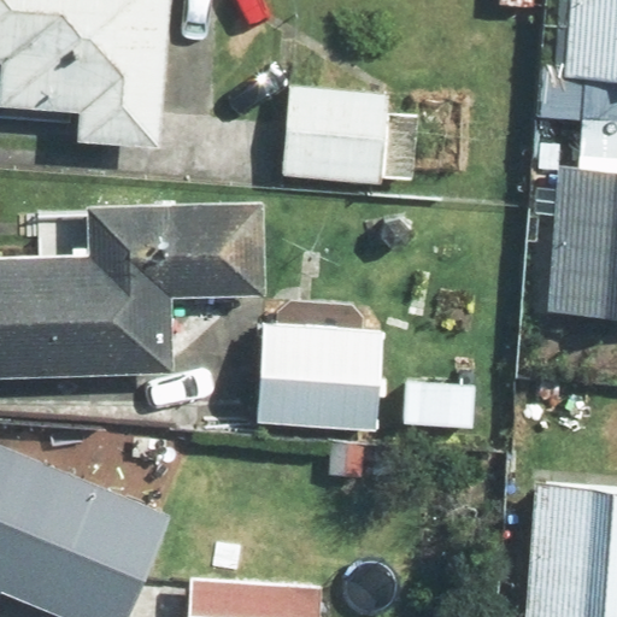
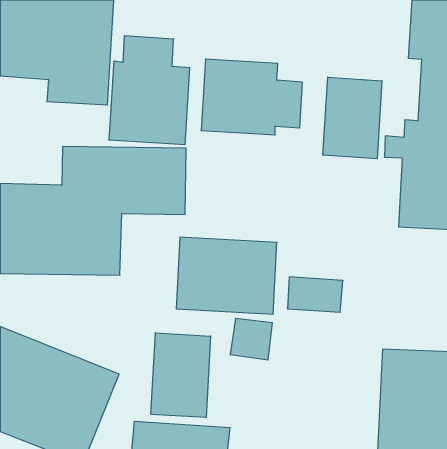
building: none -> [109,36,189,145]
building: none -> [323,77,382,159]
building: none -> [151,333,211,418]

